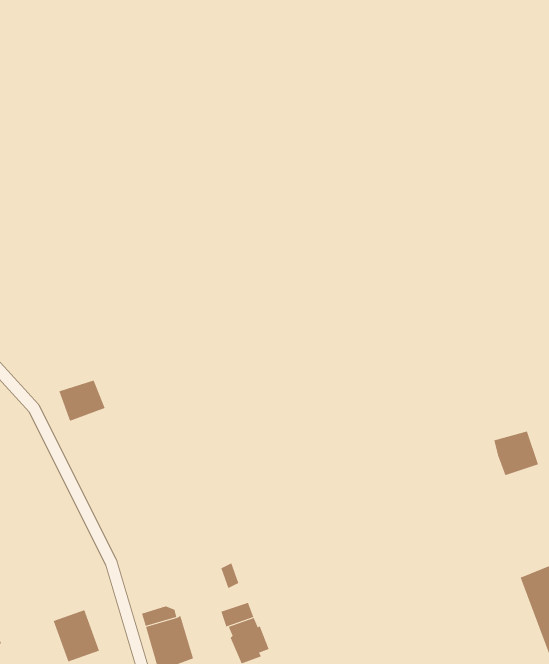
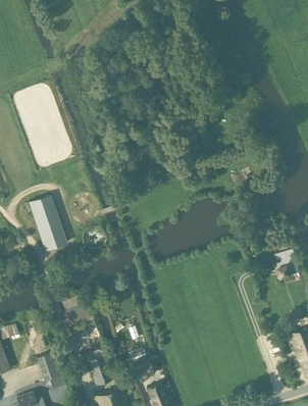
building: none -> [32,198,60,234]

